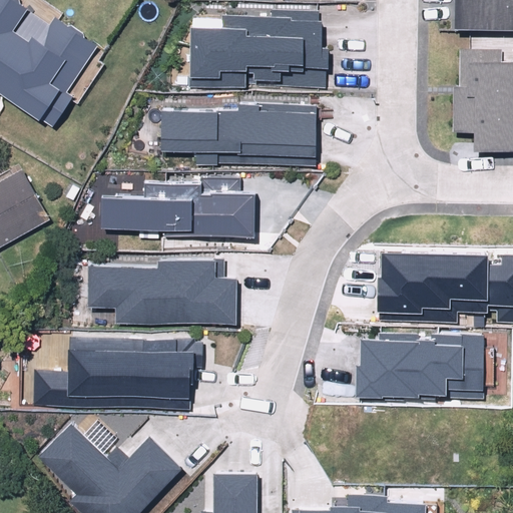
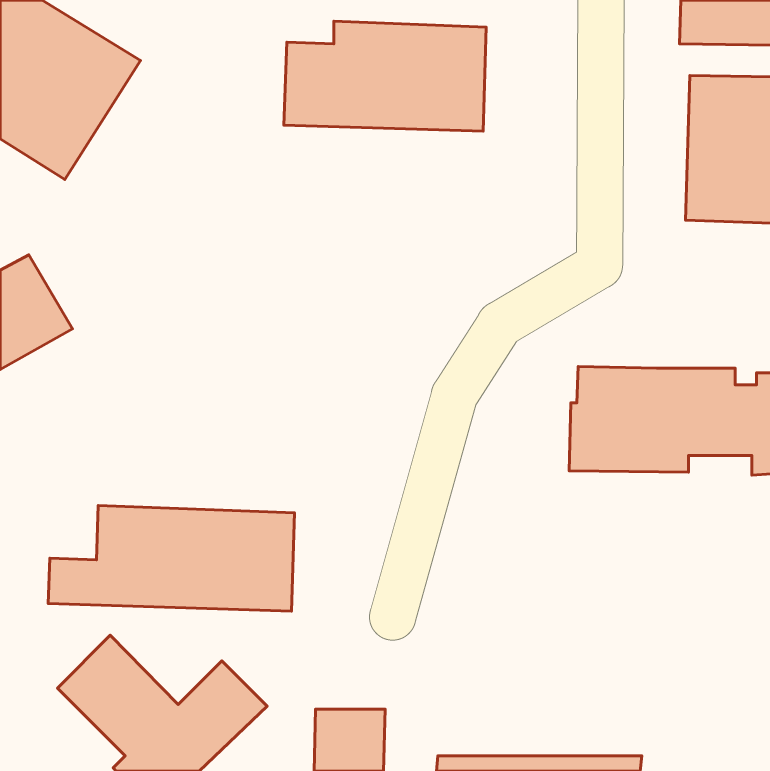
building: [158,109,318,168] -> none
building: [99,183,256,236] -> none
building: [87,265,237,322] -> none
building: [357,331,482,401] -> none

